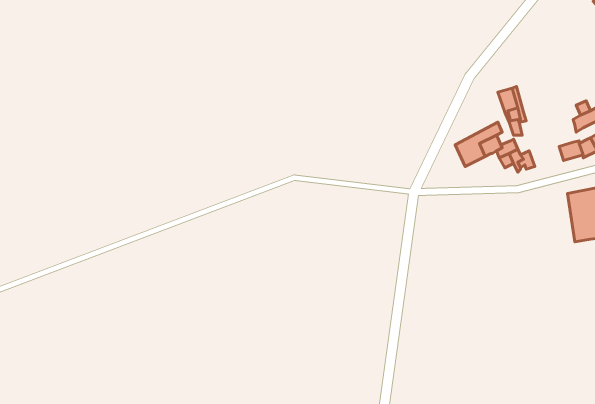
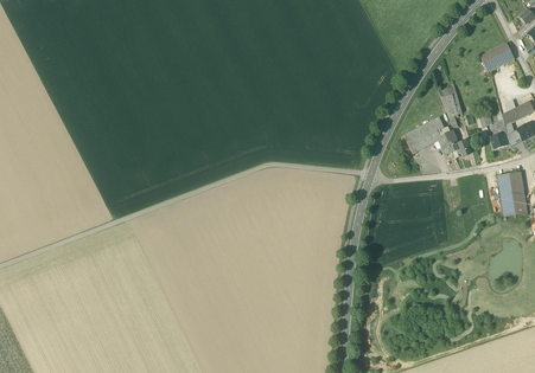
building: none -> [479,44,514,72]

